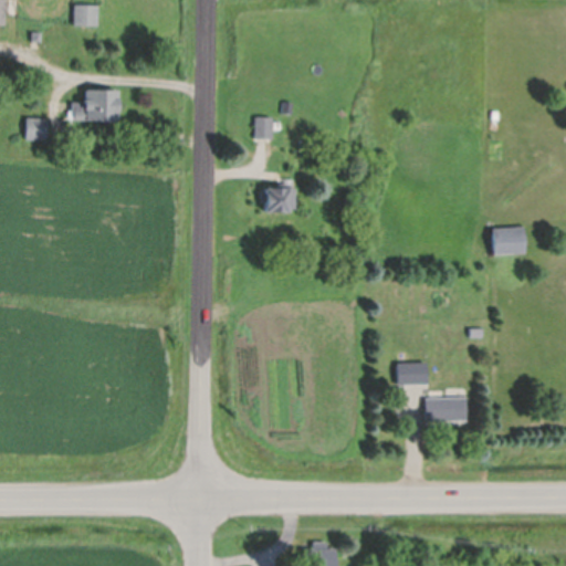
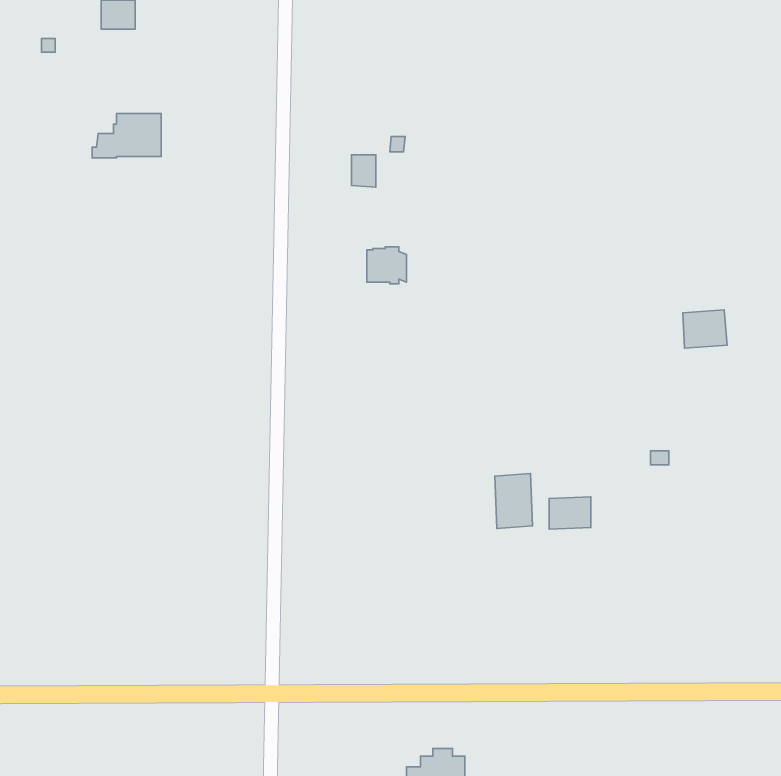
building: [27,118,48,142] -> none
building: none -> [495,473,532,529]
building: [426,400,468,423] -> none

